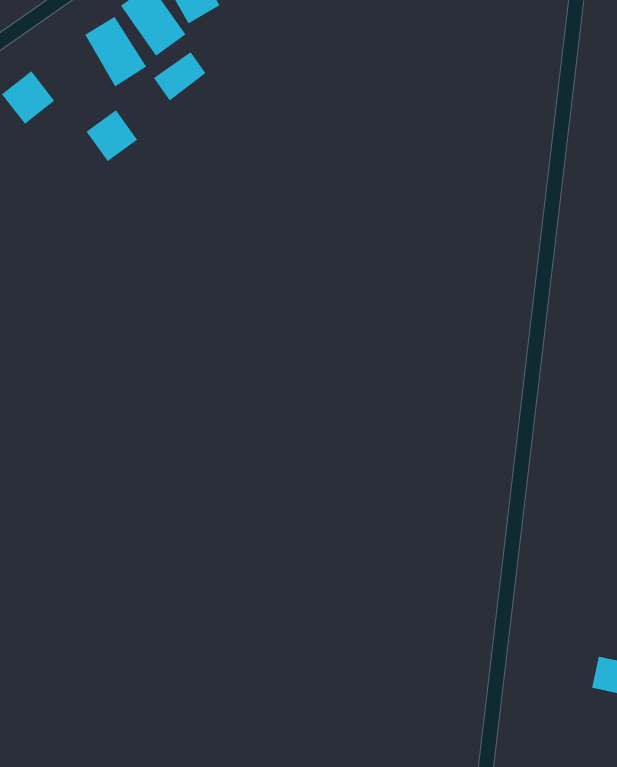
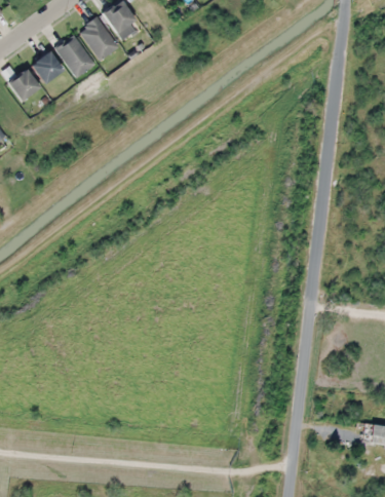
building: [153,51,207,101] -> none
building: [85,109,138,162] -> [31,51,63,83]

